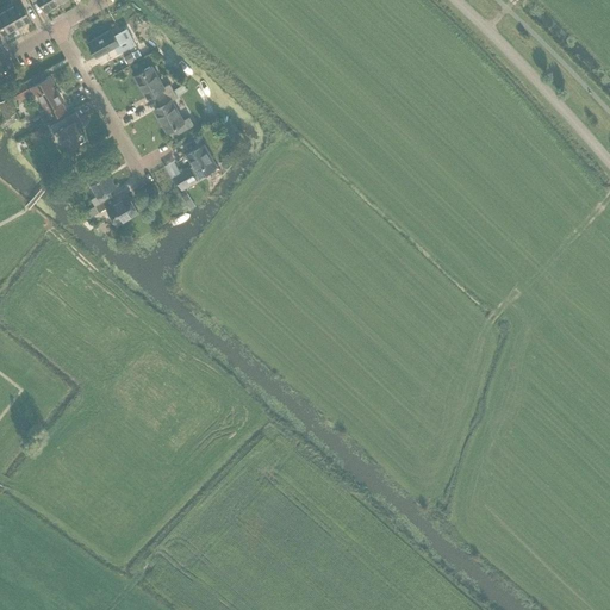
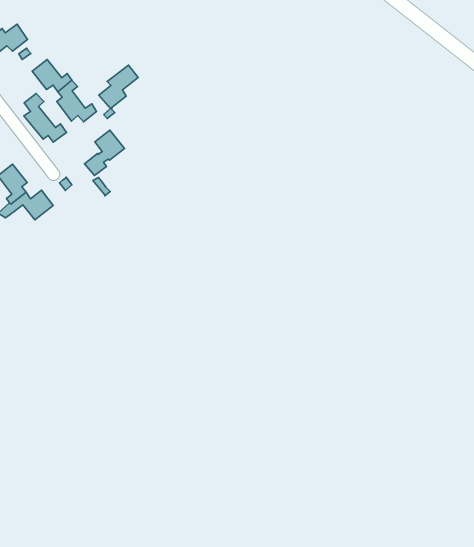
building: none -> [99,65,138,108]
building: none -> [24,94,67,142]

